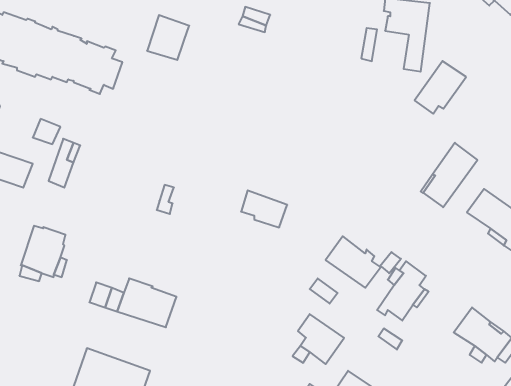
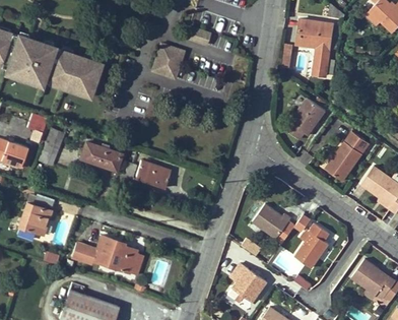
building: [147,15,189,60] -> [150,44,183,78]
building: [415,61,466,114] -> [286,100,326,140]
building: none -> [81,141,122,171]
building: [241,190,287,227] -> [136,159,172,188]

